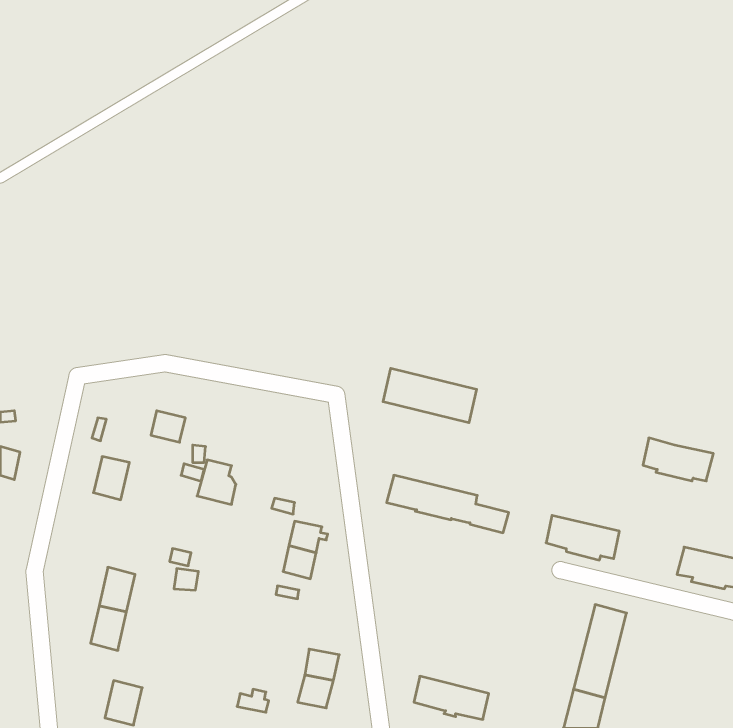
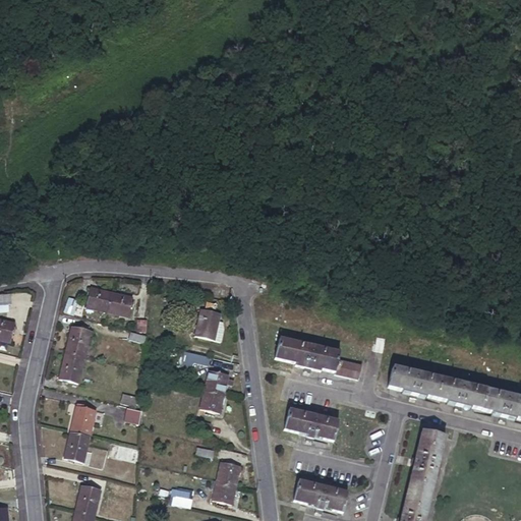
building: [383,368,477,423] -> none
building: none -> [86,286,112,308]
building: [643,438,713,481] -> [436,377,485,407]
building: [197,460,236,504] -> [196,308,224,340]
building: none -> [60,349,86,381]
building: none -> [284,408,338,439]

